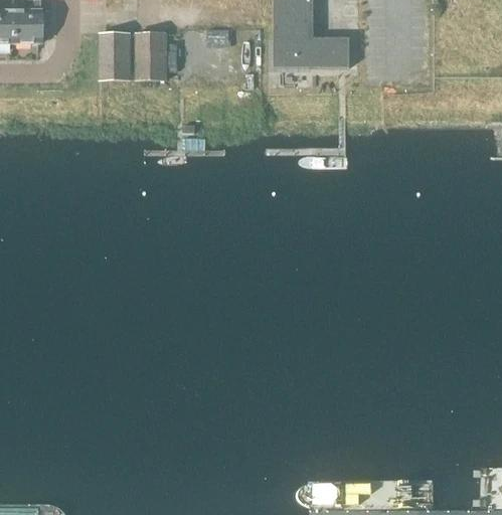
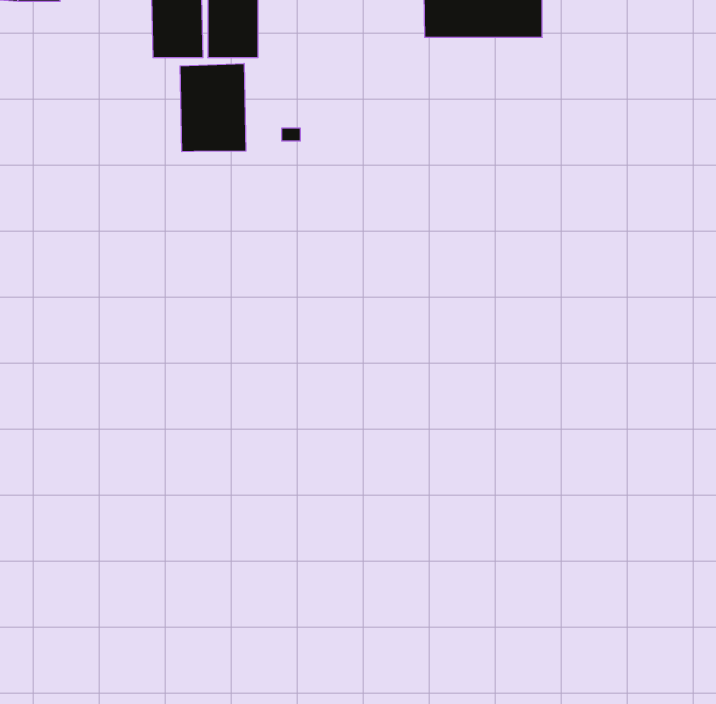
building: none -> [180,63,246,152]

